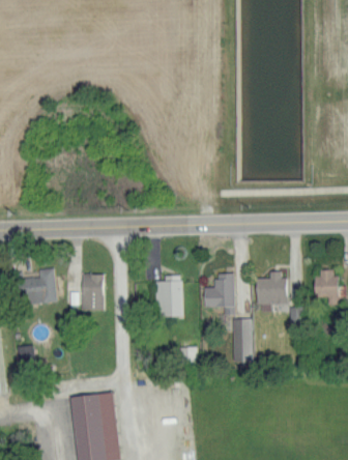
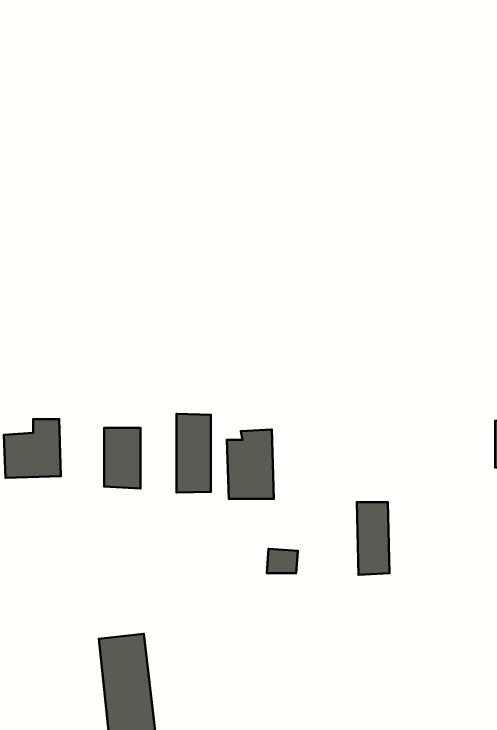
building: none -> [177,414,211,493]
building: [255,270,285,304] -> none
building: [203,272,233,314] -> none

